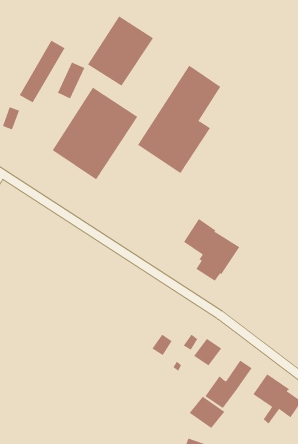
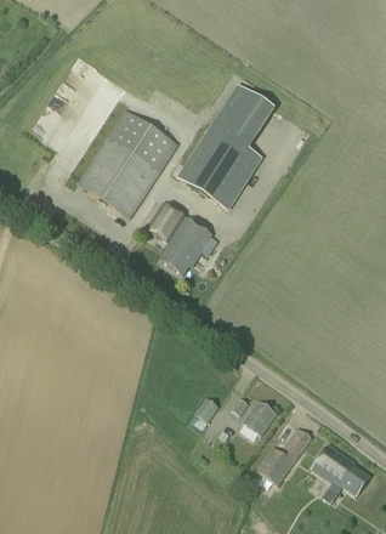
building: [87,15,154,87] -> none
building: [183,218,240,281] -> [146,200,212,274]
building: [189,396,225,429] -> none

